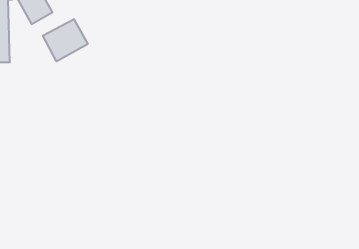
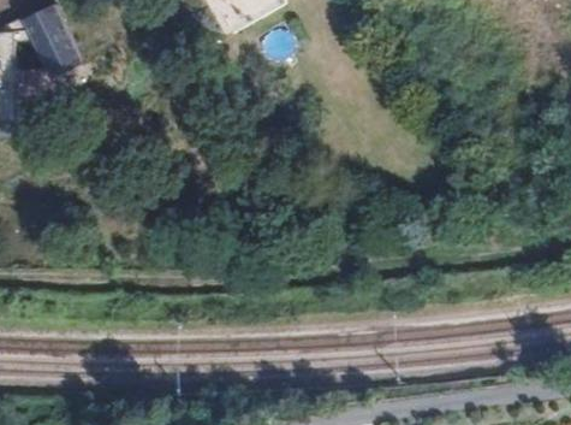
building: [43,19,88,61] -> none

